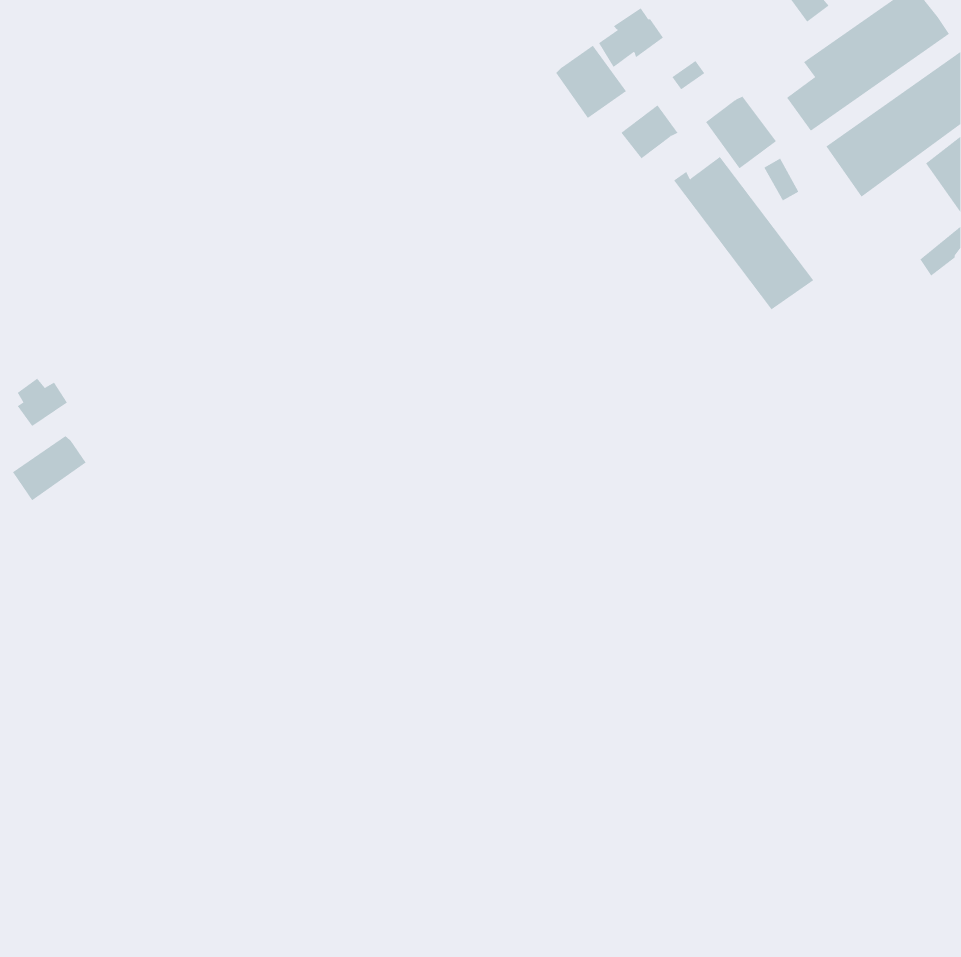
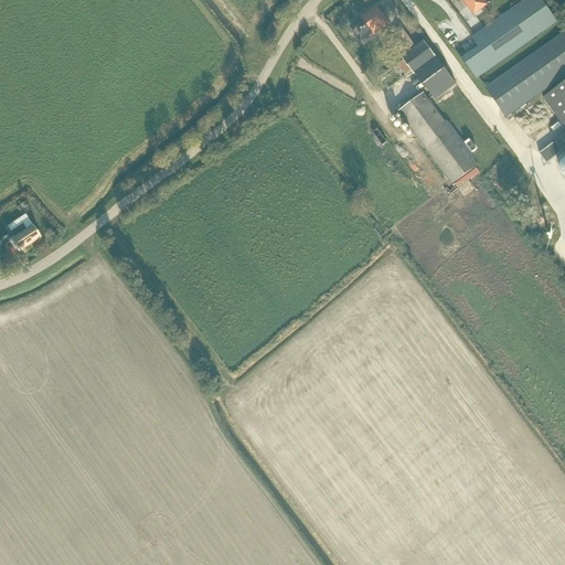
building: [555,45,627,119] -> none
building: [620,105,679,159] -> [402,40,436,72]
building: [12,435,87,501] -> none

